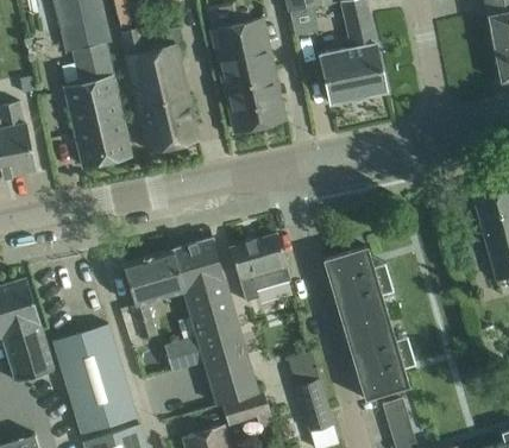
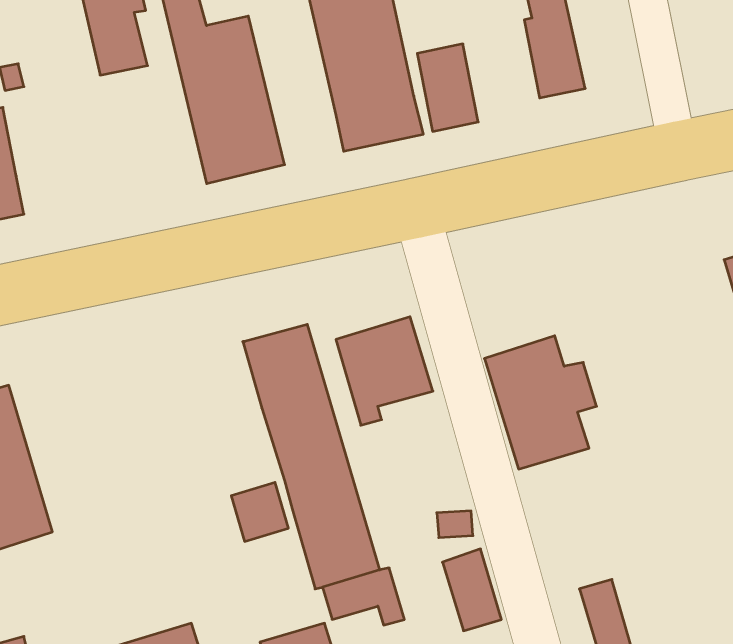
building: [319,49,357,103] -> [417,44,478,131]
building: [64,77,130,166] -> none
building: [122,250,183,339] -> none
building: [344,316,414,399] -> none
building: [52,324,136,433] -> none

